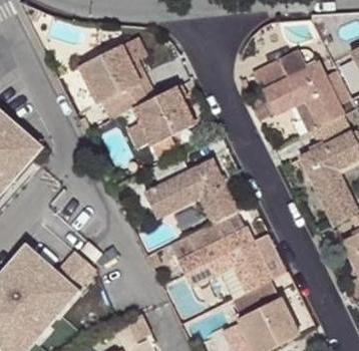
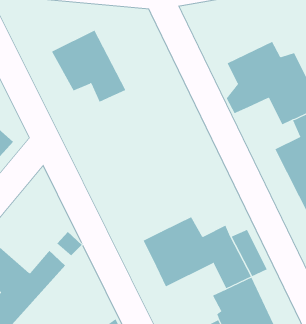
building: [132,84,197,153] -> none
building: [146,152,240,222] -> none

